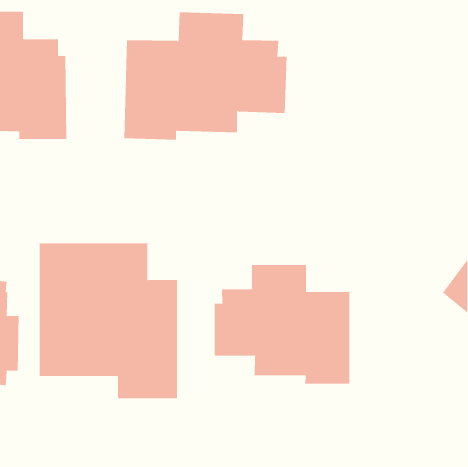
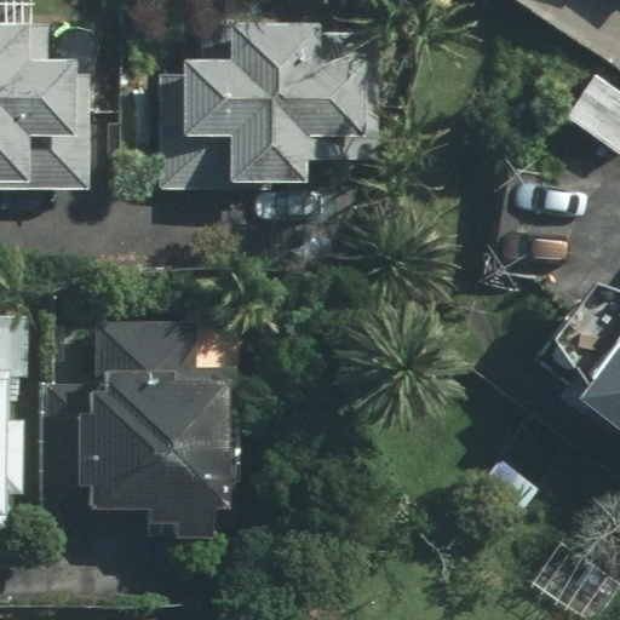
building: [214,264,350,385] -> none

